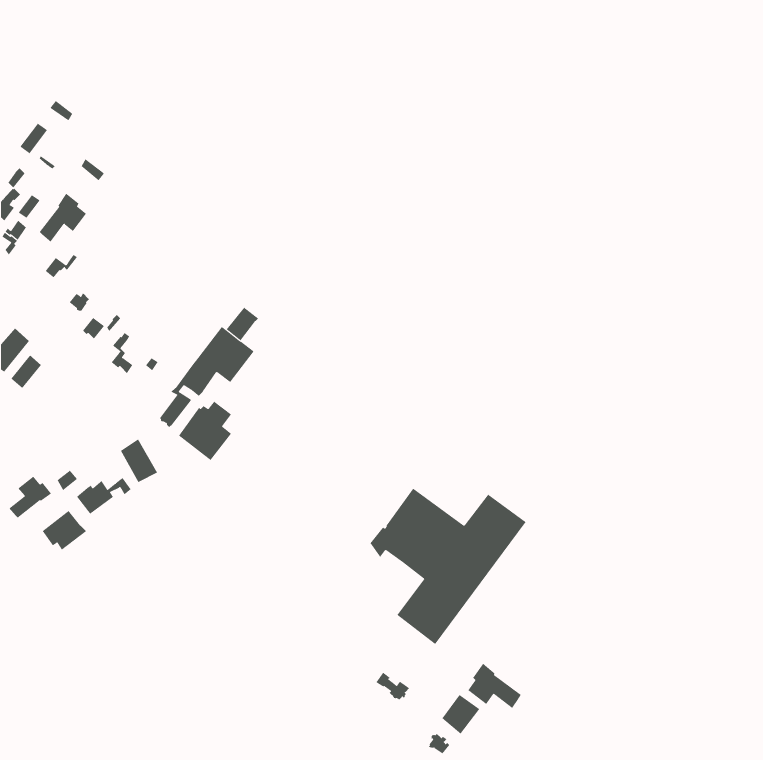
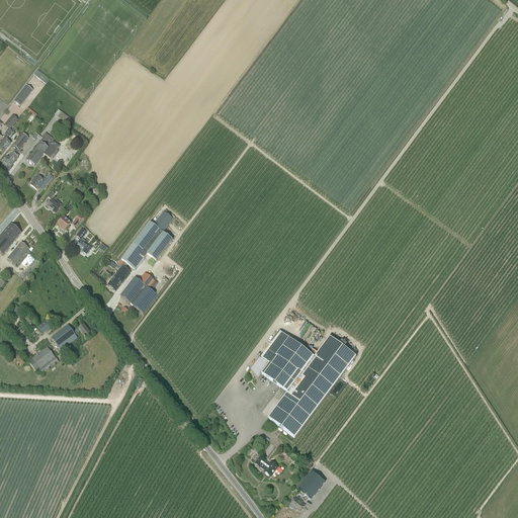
building: [120,438,158,483] -> none
building: [8,476,52,518] -> none
building: [468,663,521,709] -> none

